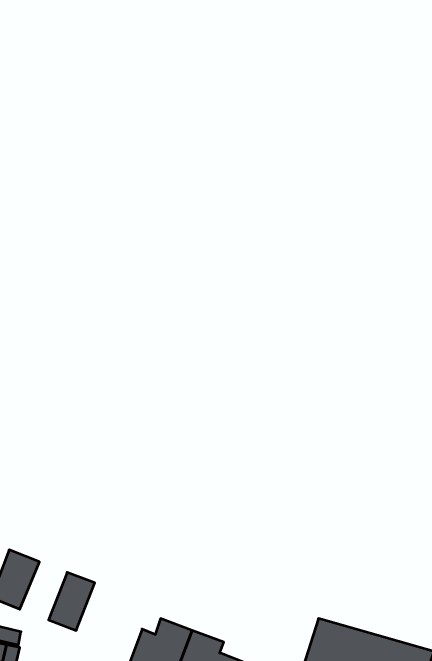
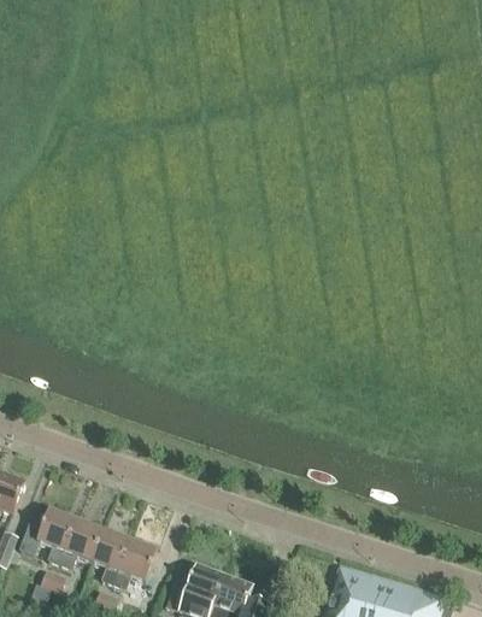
building: none -> [64,516,107,569]
building: none -> [116,535,159,588]

